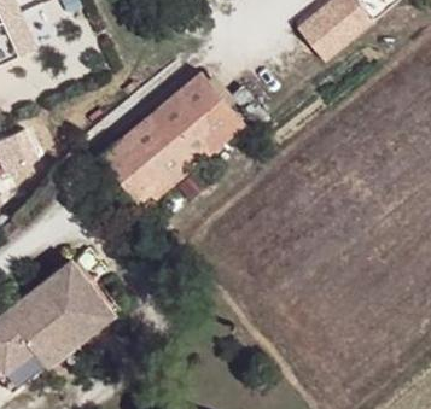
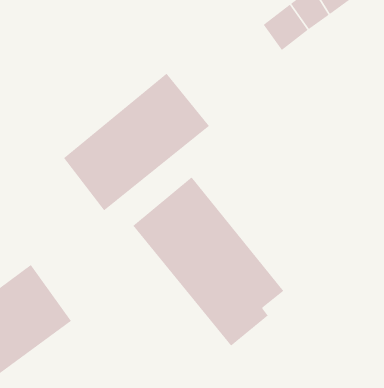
building: none -> [132,176,284,347]

